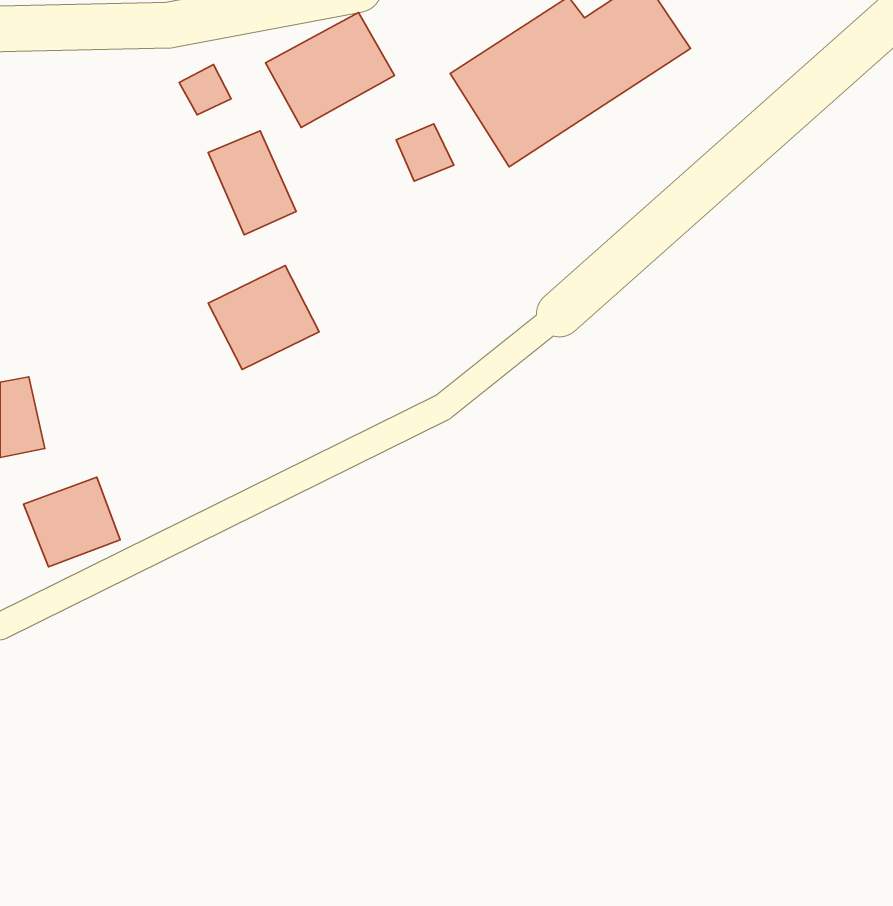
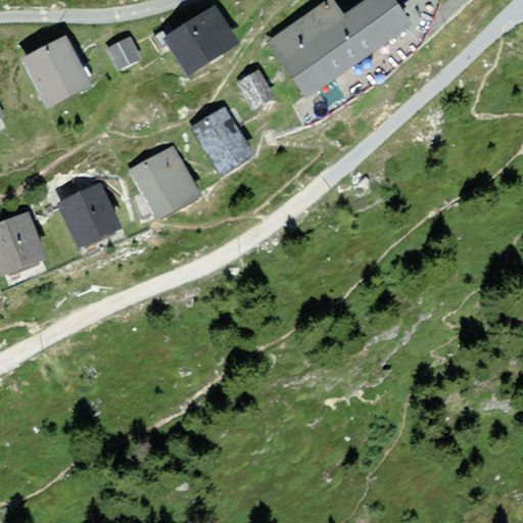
building: none -> [21,35,86,99]
building: [208,131,296,235] -> [197,108,247,168]
building: [23,477,120,567] -> [64,191,120,242]

